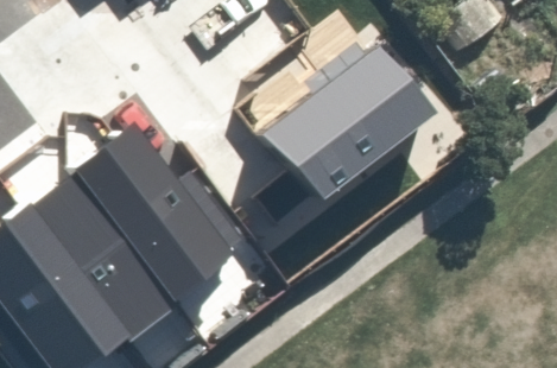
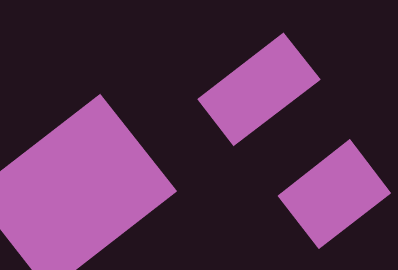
building: none -> [277,138,392,250]

